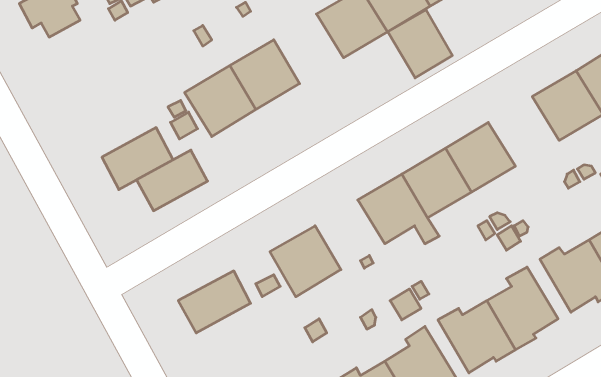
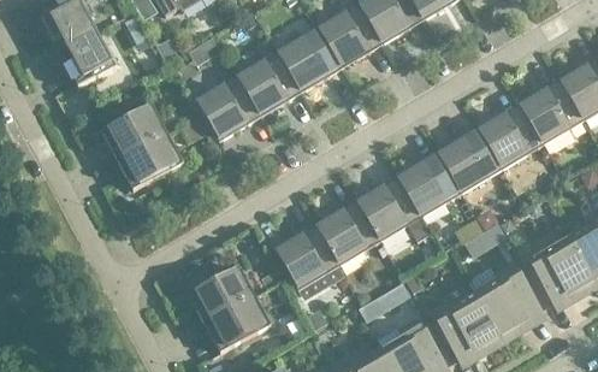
building: [388,10,452,78] -> none
building: none -> [277,25,342,90]
building: none -> [66,31,120,87]
building: none -> [476,102,543,167]
building: [137,150,208,211] -> [101,102,167,159]
building: none -> [315,199,380,264]
building: none -> [205,295,271,352]

